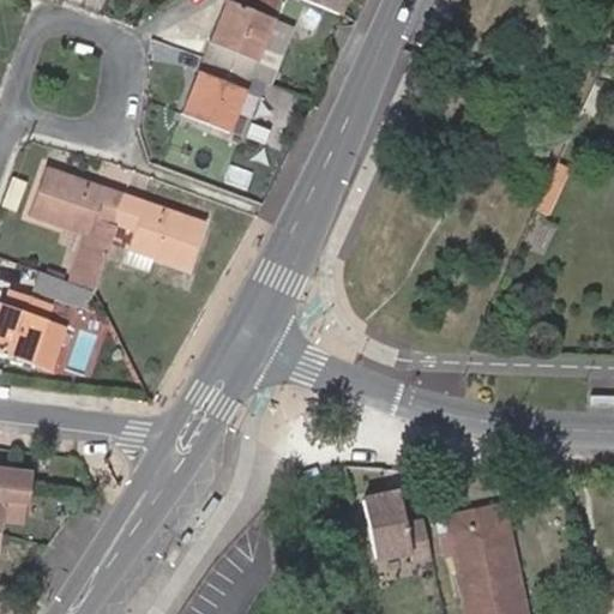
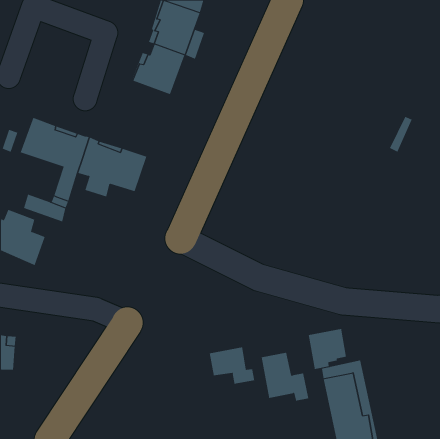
building: none -> [308,328,347,370]
building: none -> [209,347,255,384]

